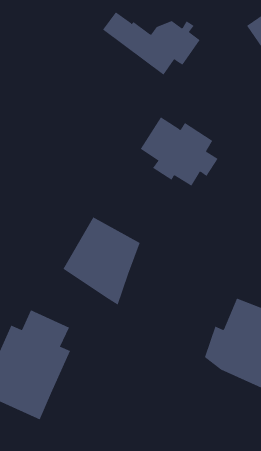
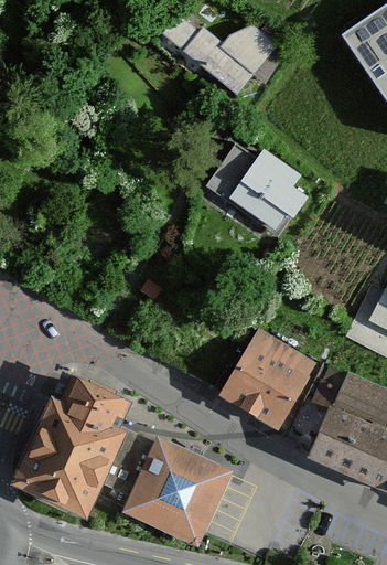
building: [62,217,140,306] -> [221,330,316,439]
building: none -> [101,431,232,545]

